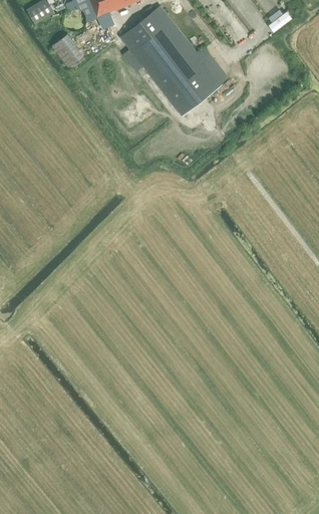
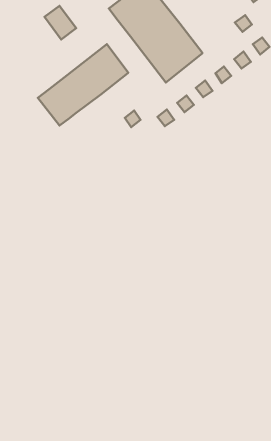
building: none -> [38,44,128,125]

